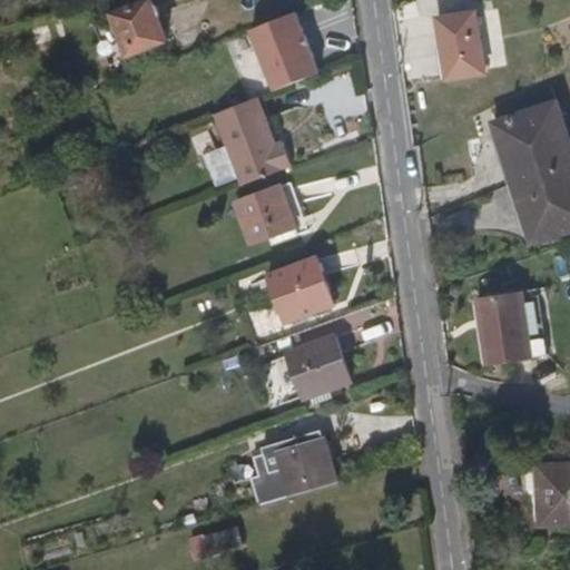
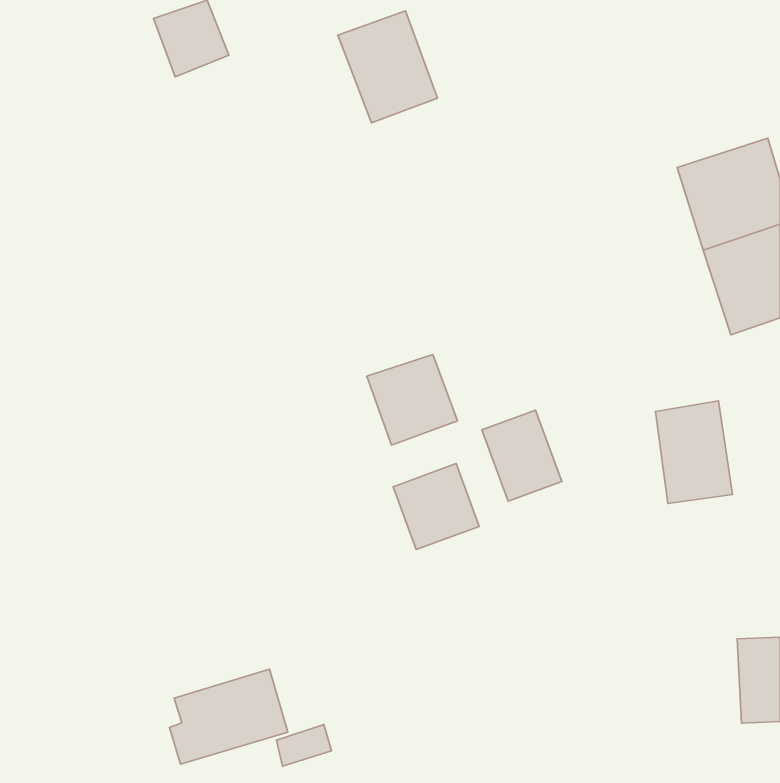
building: [435,11,484,79] -> none
building: [210,97,289,186] -> none
building: [233,187,293,245] -> none
building: none -> [482,410,562,501]
building: [247,436,333,505] -> [170,669,288,764]

